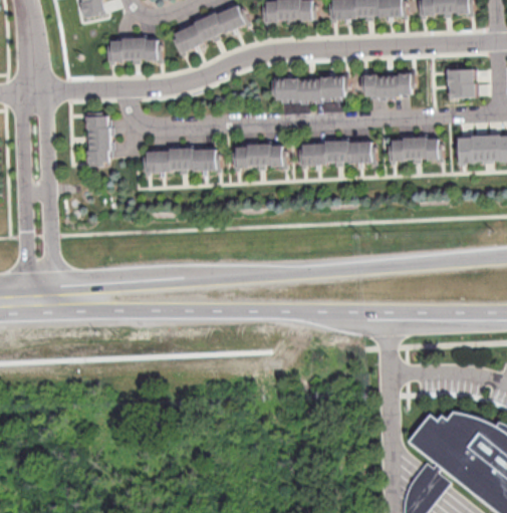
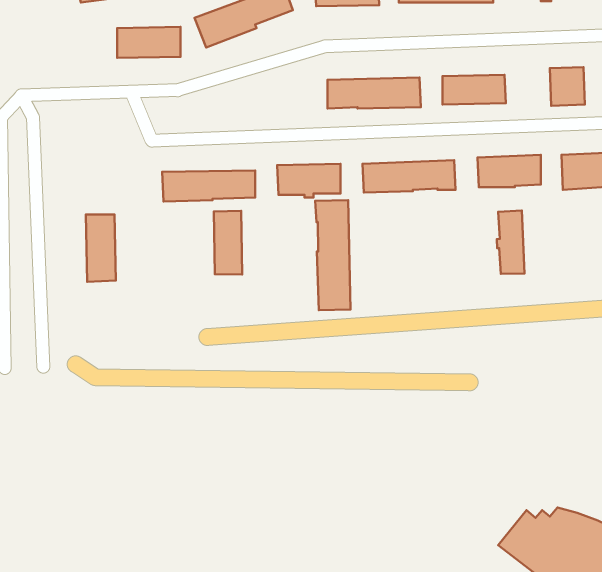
building: [86,113,109,166] -> [86,215,116,282]
building: none -> [315,200,350,310]
building: none -> [497,210,525,274]
building: none -> [214,211,242,275]

